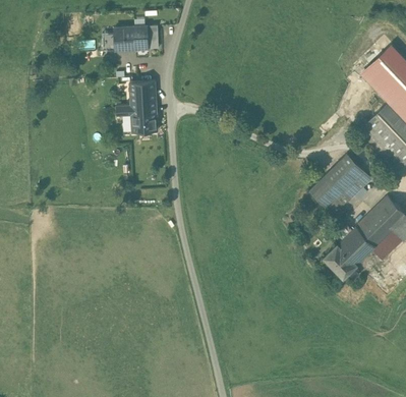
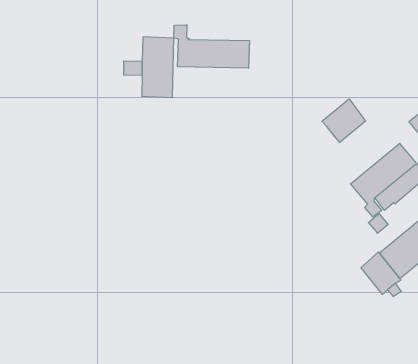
building: none -> [174,25,249,68]
building: none -> [322,99,366,143]

